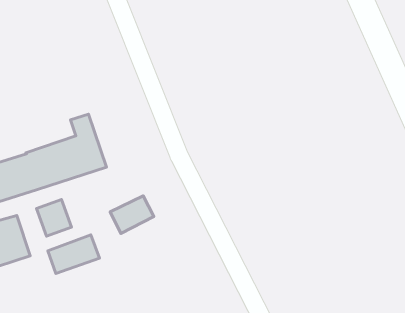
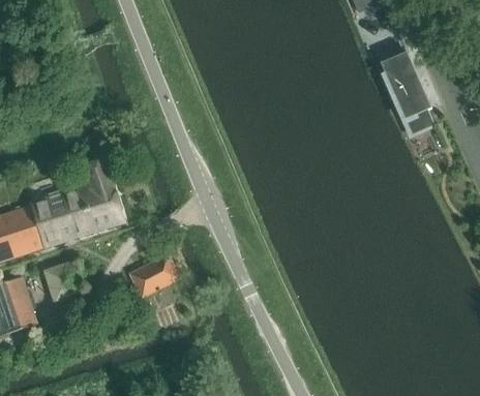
building: none -> [380,52,433,135]
building: [48,235,99,273] -> none

